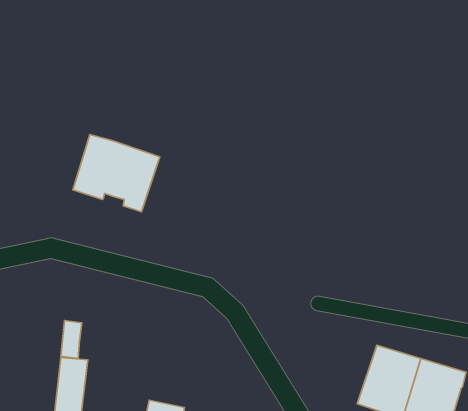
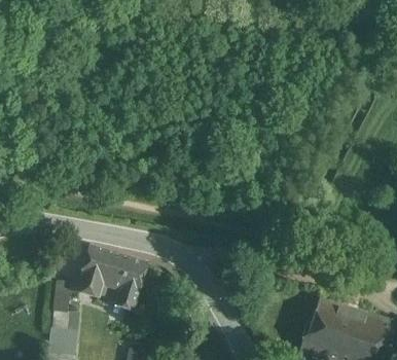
building: [73,135,160,212] -> [75,243,148,308]

